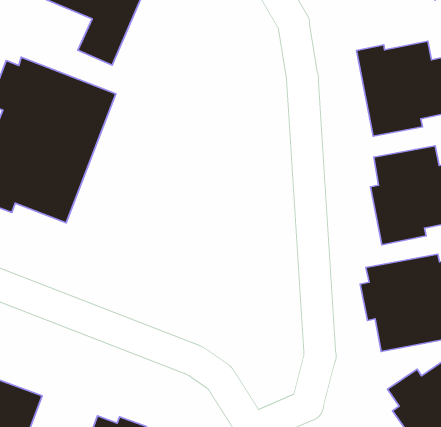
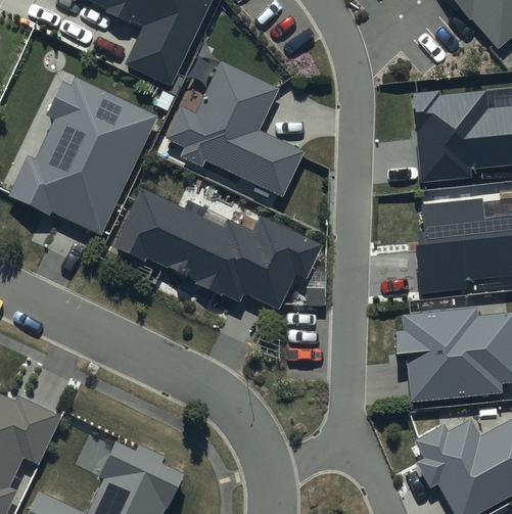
building: none -> [166,61,306,197]
building: none -> [112,187,325,311]

